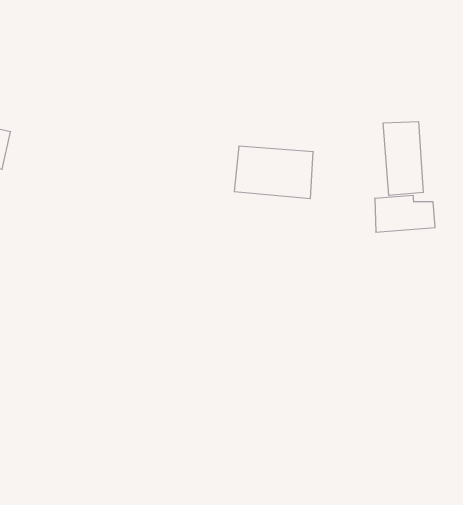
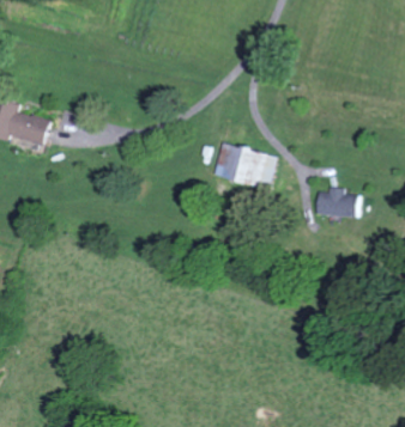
building: [383,122,423,196] -> none

